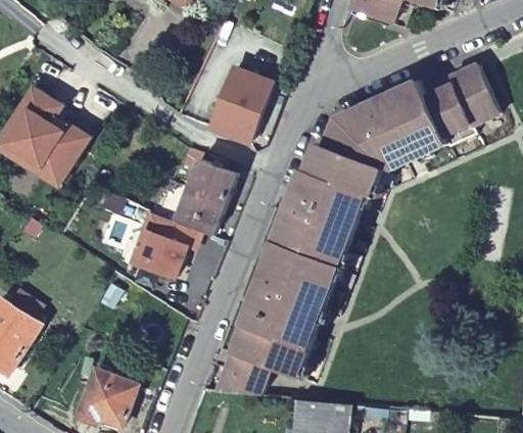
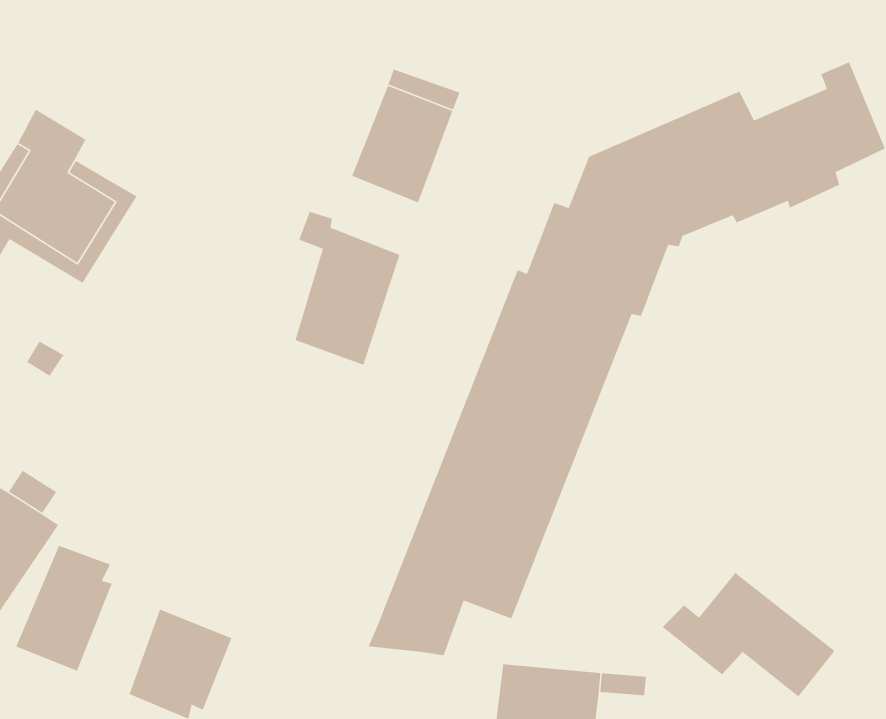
building: [133,210,199,275] -> none
building: none -> [15,545,113,672]
building: none -> [662,572,836,697]

